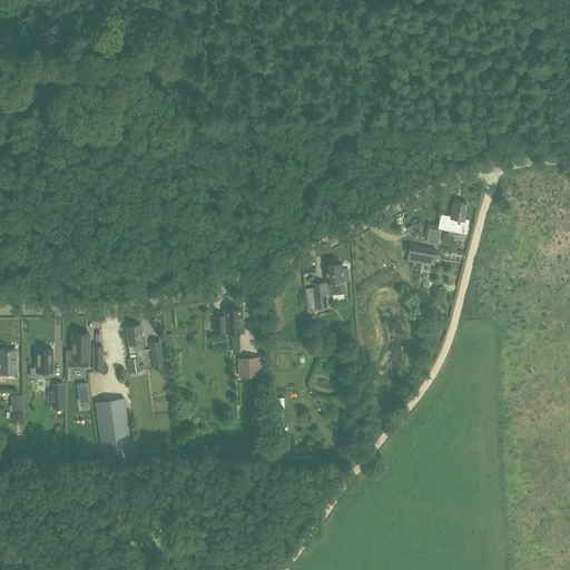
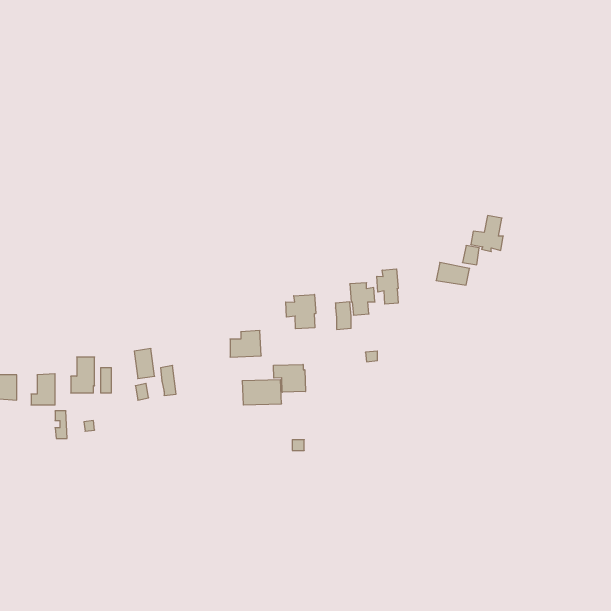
building: none -> [377,269,398,304]
building: none -> [286,294,316,329]
building: none -> [274,364,305,392]
building: [94,396,132,461] -> none

